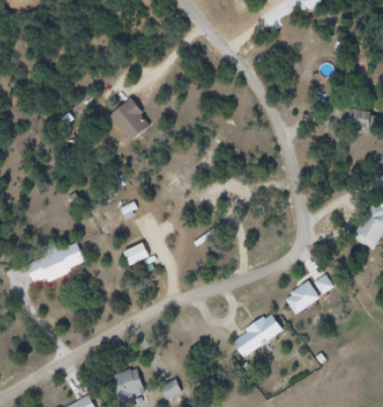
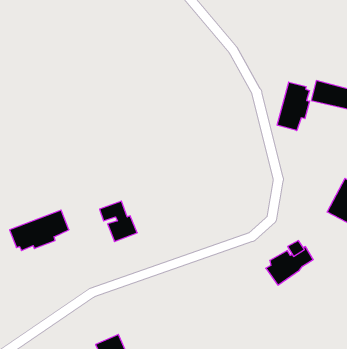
building: [110,100,154,145] -> none
building: none -> [277,82,310,131]
building: [231,313,281,362] -> none

